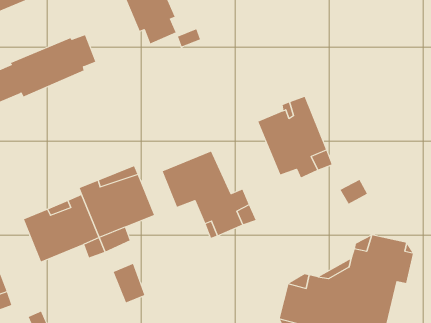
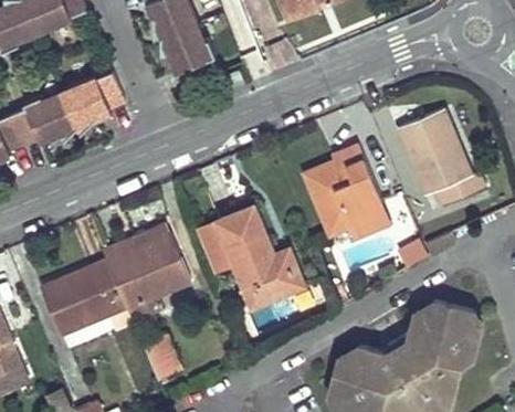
building: none -> [401,108,487,205]

